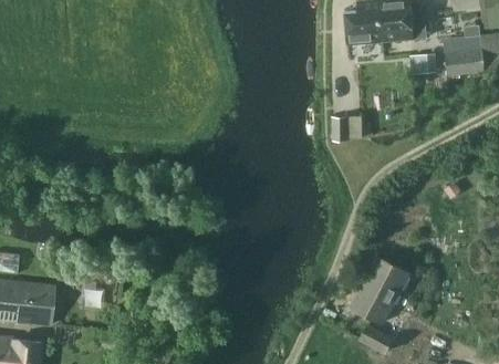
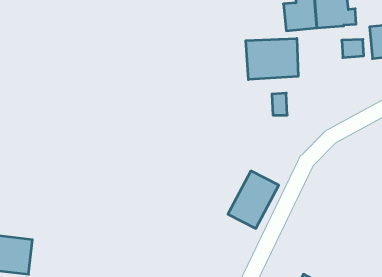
building: none -> [246,38,298,80]
building: [351,257,409,323] -> [228,171,279,228]

